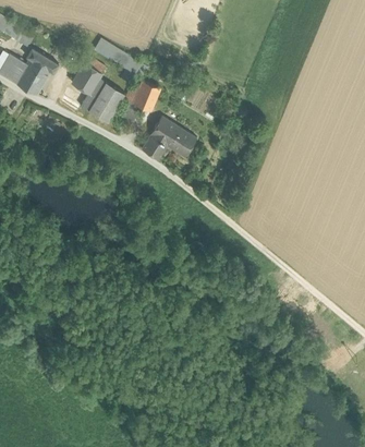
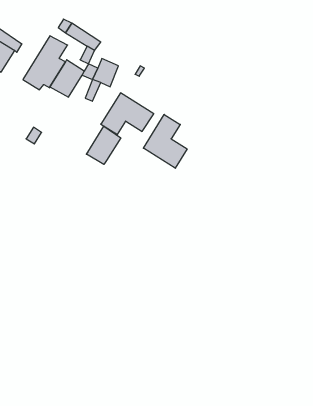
building: none -> [143,114,187,168]
building: none -> [86,126,121,164]

